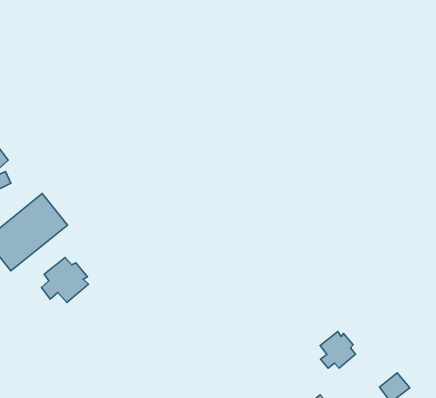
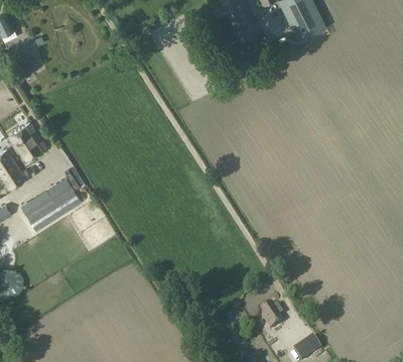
building: [42,258,89,302] -> none

